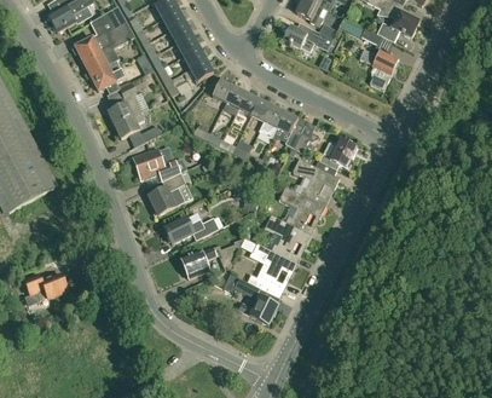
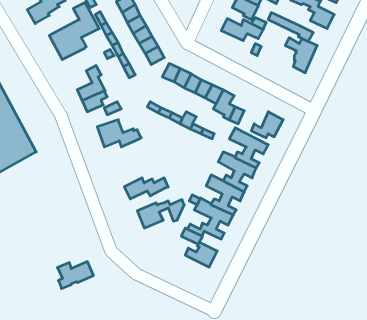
building: [89,60,123,90] -> none
building: [147,171,192,214] -> none
building: [23,272,66,305] -> [57,262,93,289]

